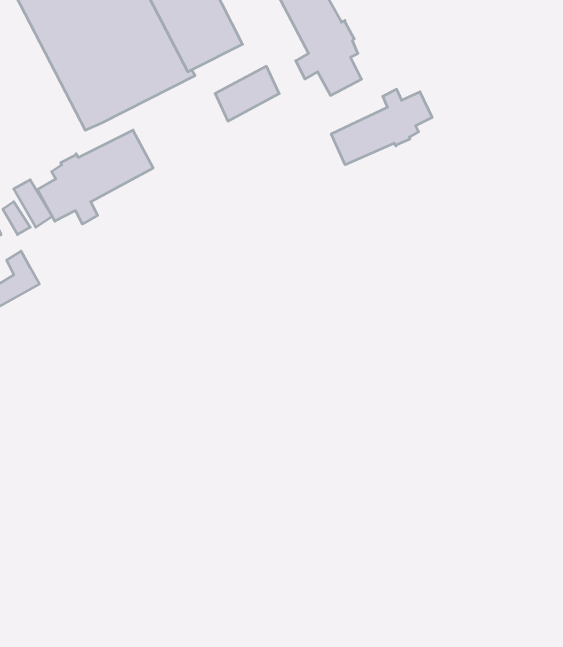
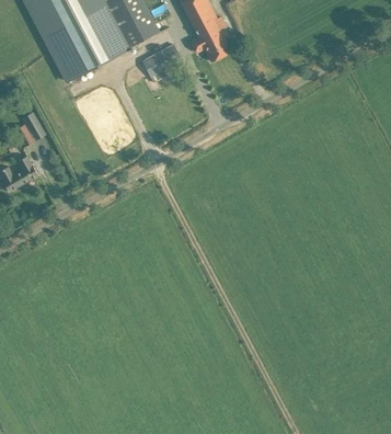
building: [331,89,432,165] -> none
building: [38,130,153,224] -> none

